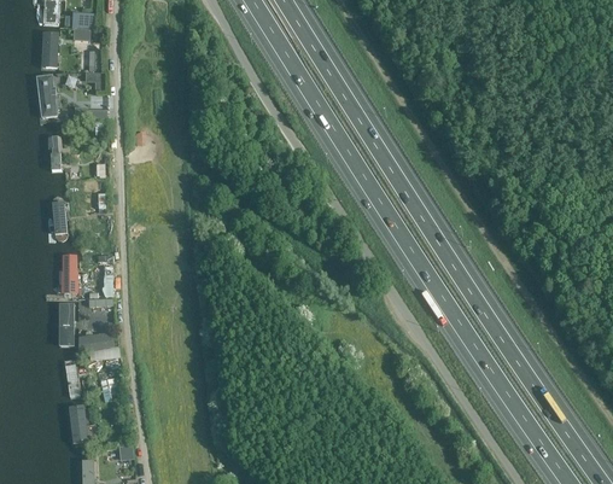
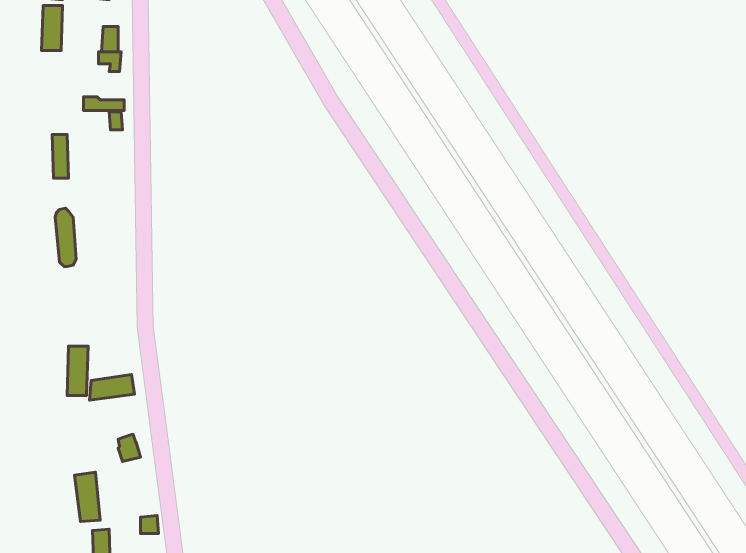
building: [34,74,56,121] -> none
building: [59,255,76,295] -> none

